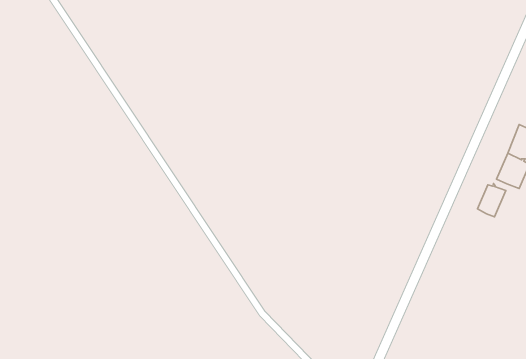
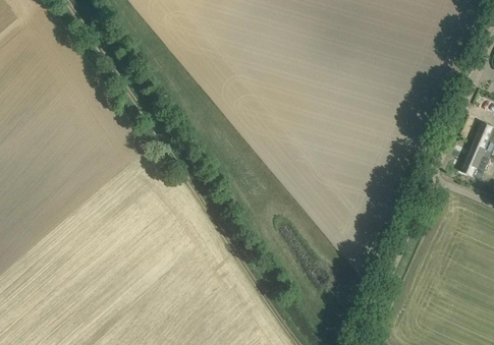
building: [477,184,506,217] -> none

